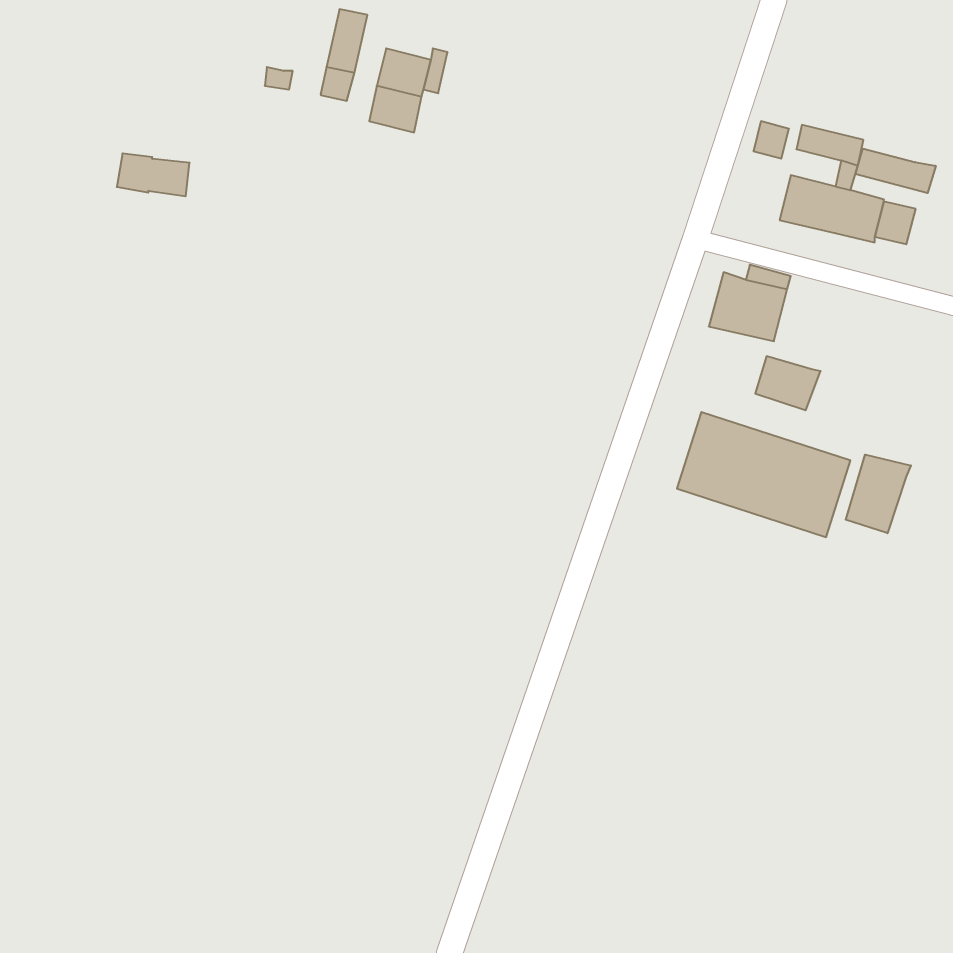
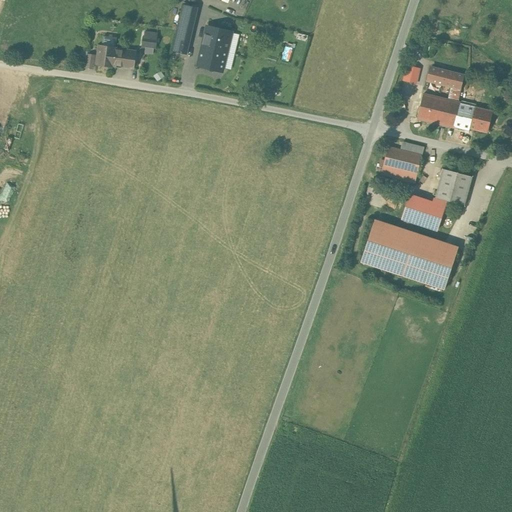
building: [856,149,936,193] -> none
building: [117,153,190,196] -> [96,46,135,69]
building: none -> [435,169,472,205]
building: [846,455,911,533] -> none

